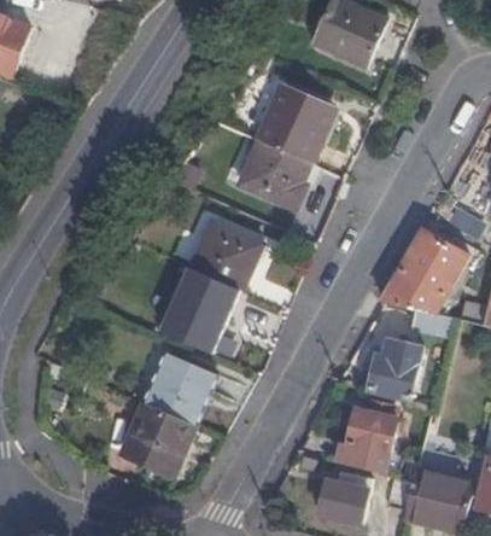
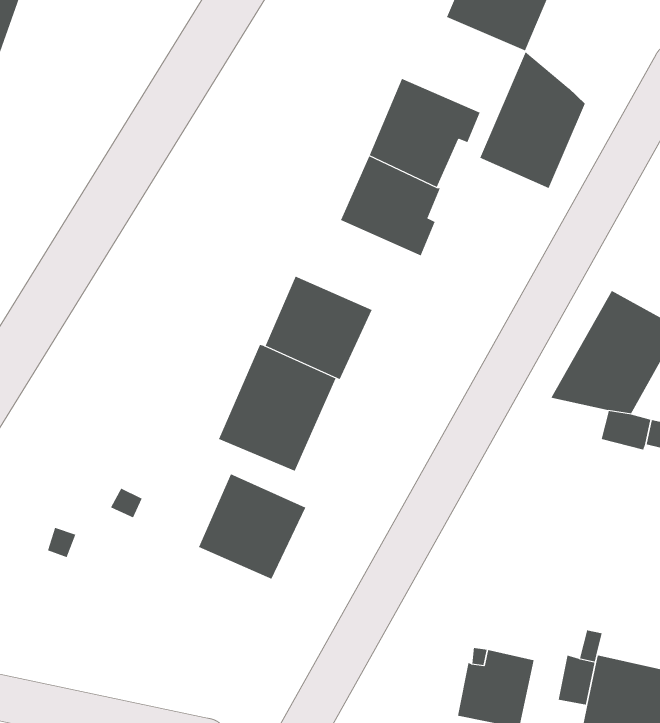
building: none -> [480,51,586,189]
building: [368,340,421,398] -> none
building: [122,402,194,474] -> none
building: [339,402,397,472] -> none

